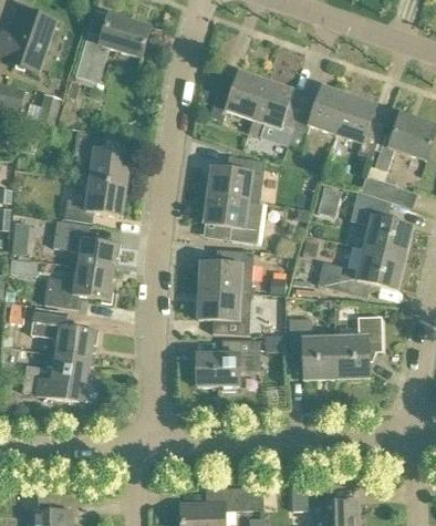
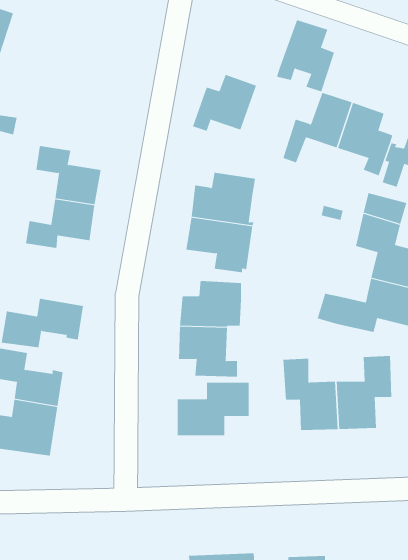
building: [69,14,150,97] -> none
building: [248,81,299,144] -> [276,19,335,92]
building: [53,221,120,272] -> none

